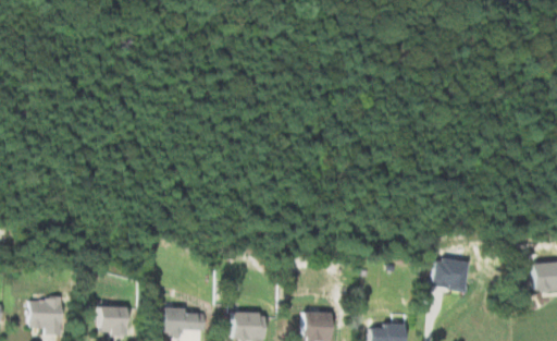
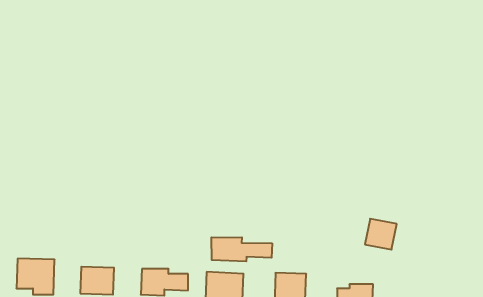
building: [433,257,467,290] -> [365,219,397,250]
building: none -> [211,237,272,261]

